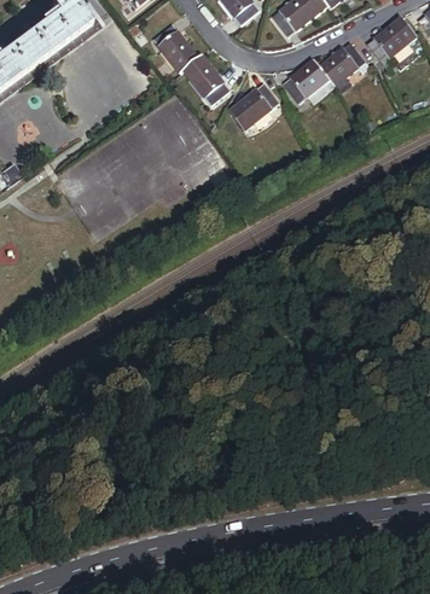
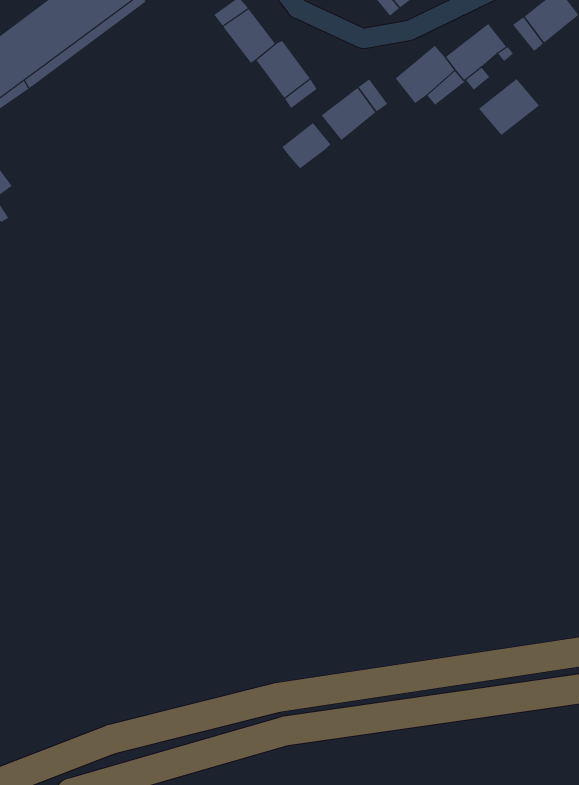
building: none -> [478,78,540,136]
building: none -> [282,122,331,169]

